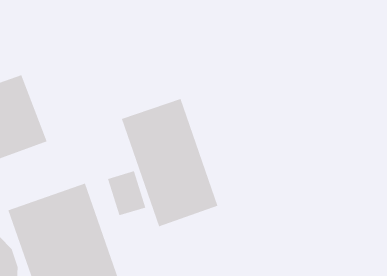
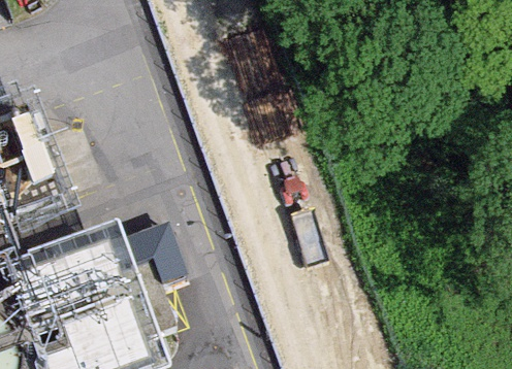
building: [121,98,218,227] -> none

